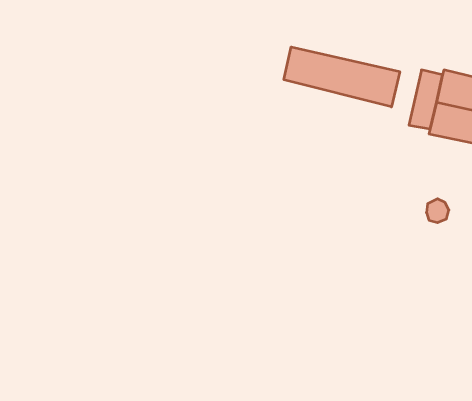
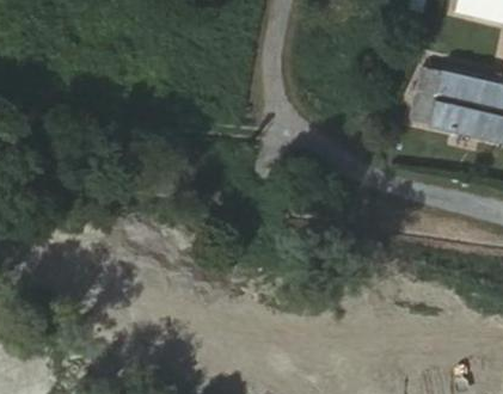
building: [284,47,400,107] -> none

